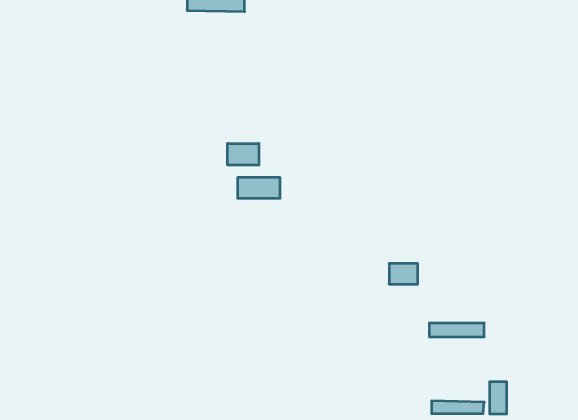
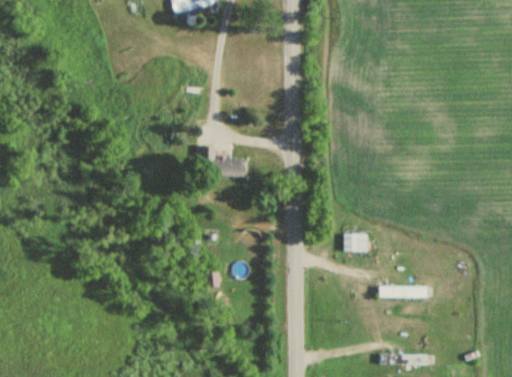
building: [228,143,259,165] -> none
building: [490,382,506,414] -> none

